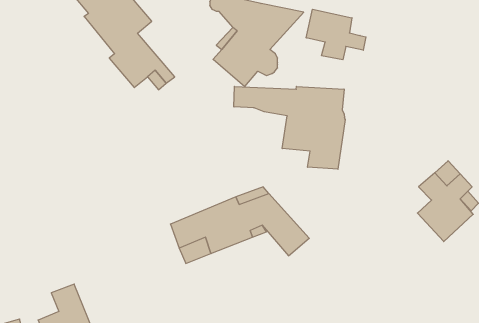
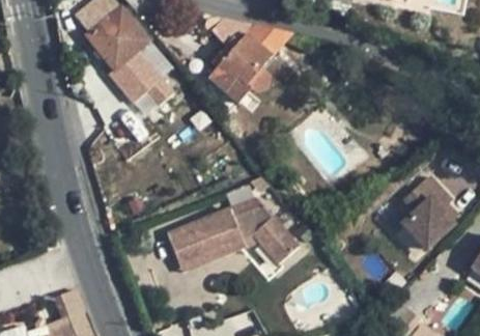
building: [306,9,366,60] -> none
building: [234,86,345,169] -> none

